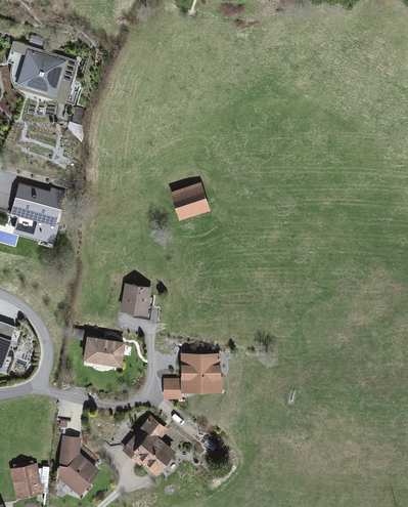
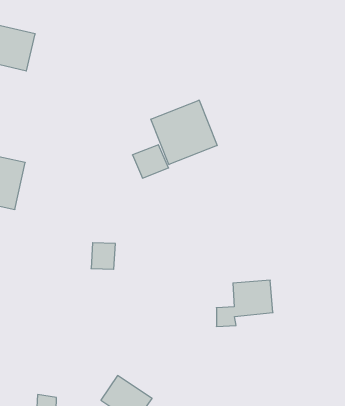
building: none -> [151,100,217,165]
building: [85,336,127,364] -> none
building: [163,353,222,398] -> [216,280,273,326]

